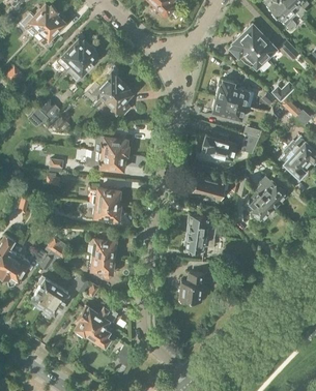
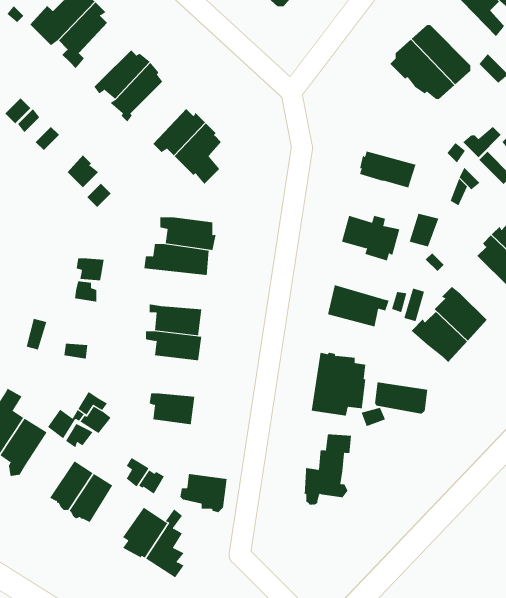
building: [217,79,254,107] -> none
building: none -> [375,381,428,414]
building: [87,253,115,276] -> [179,474,228,513]

